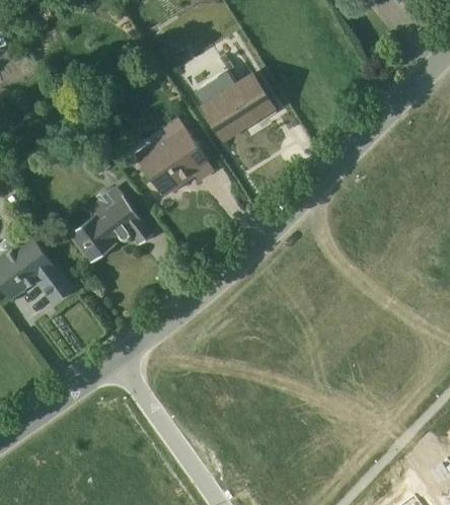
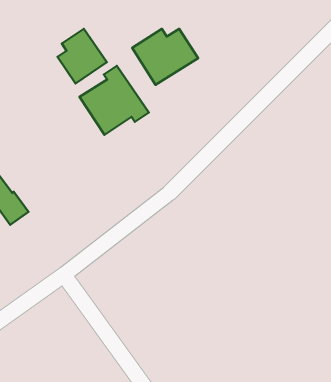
building: none -> [58,29,107,84]
building: [68,187,153,265] -> none

